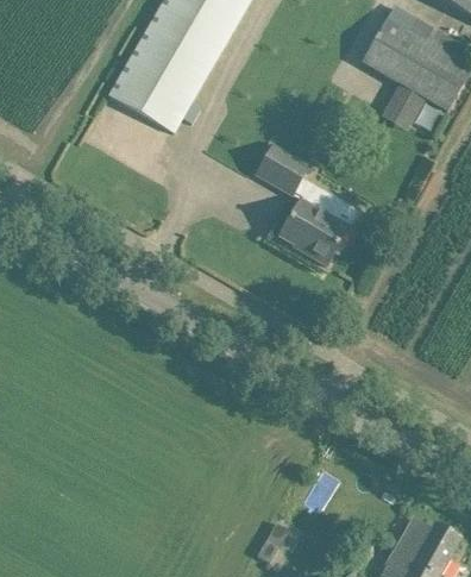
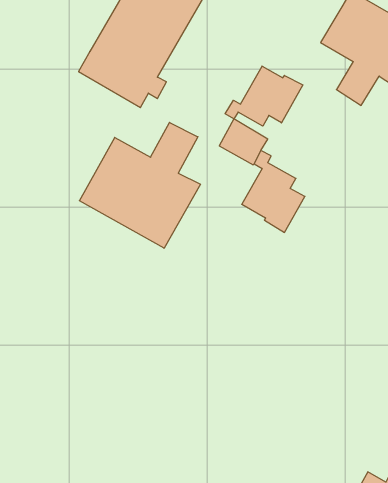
building: none -> [225,66,303,126]
building: none -> [79,122,200,248]

